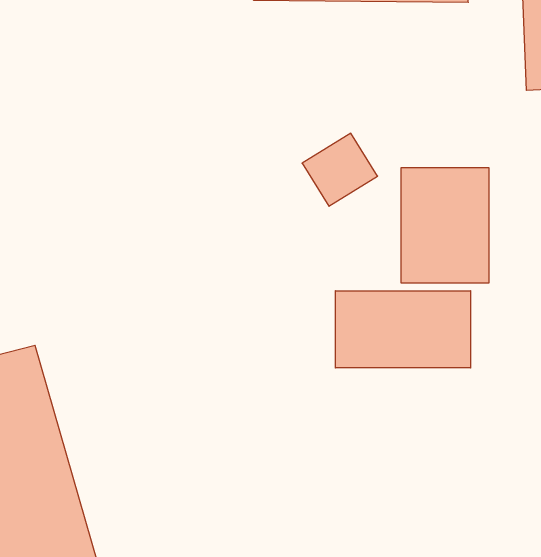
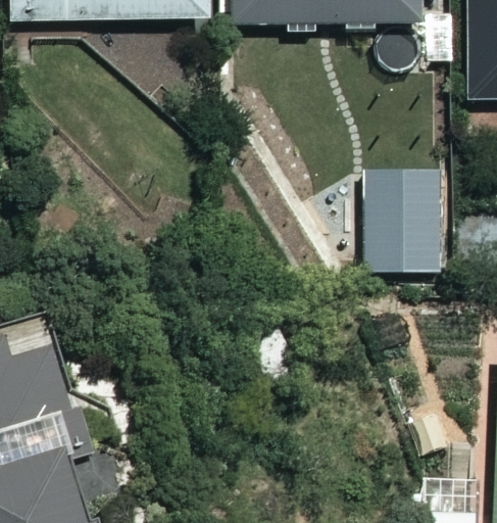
building: [335,291,471,368] -> none

